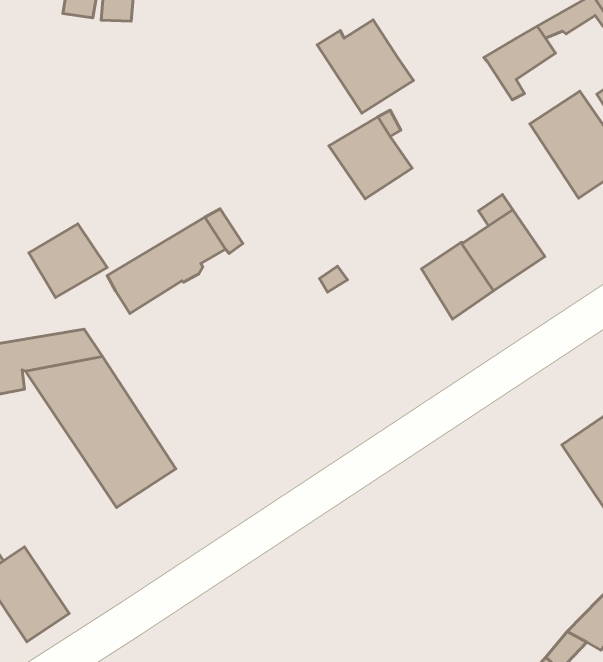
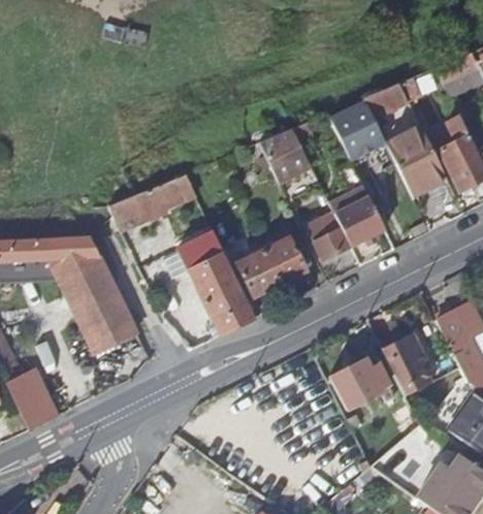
building: [317,20,414,113] -> [327,102,385,160]
building: [29,224,107,297] -> none
building: none -> [235,236,305,298]
building: none -> [178,232,255,335]
building: none -> [329,359,393,411]

